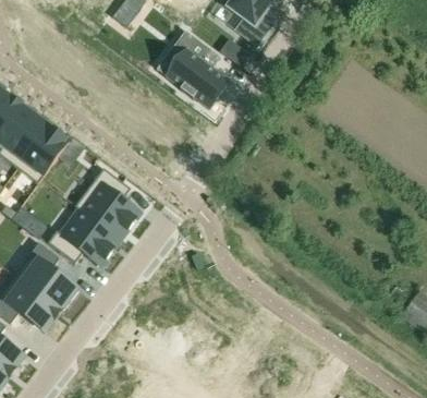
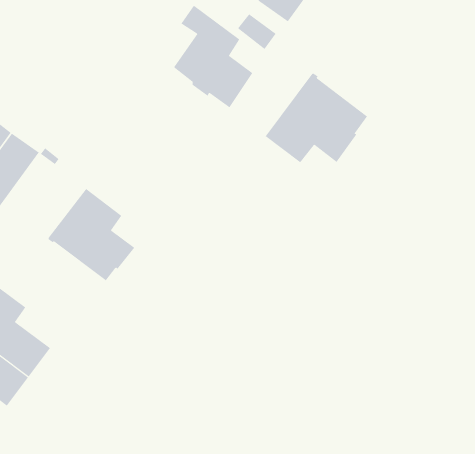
building: none -> [265,73,368,163]
building: [48,208,120,265] -> none

